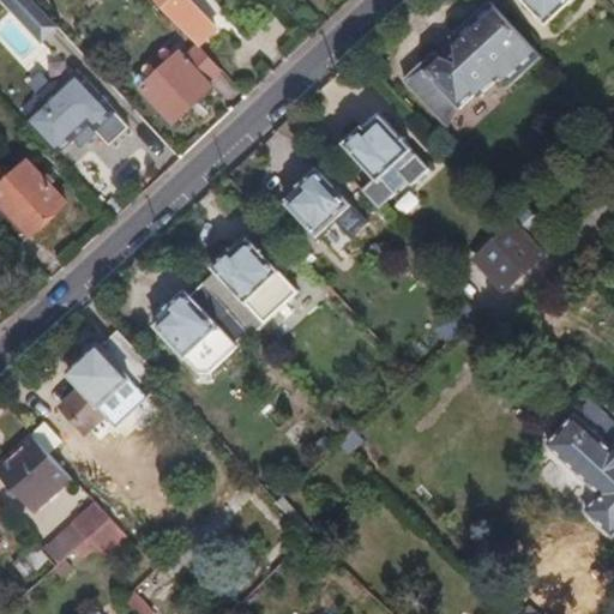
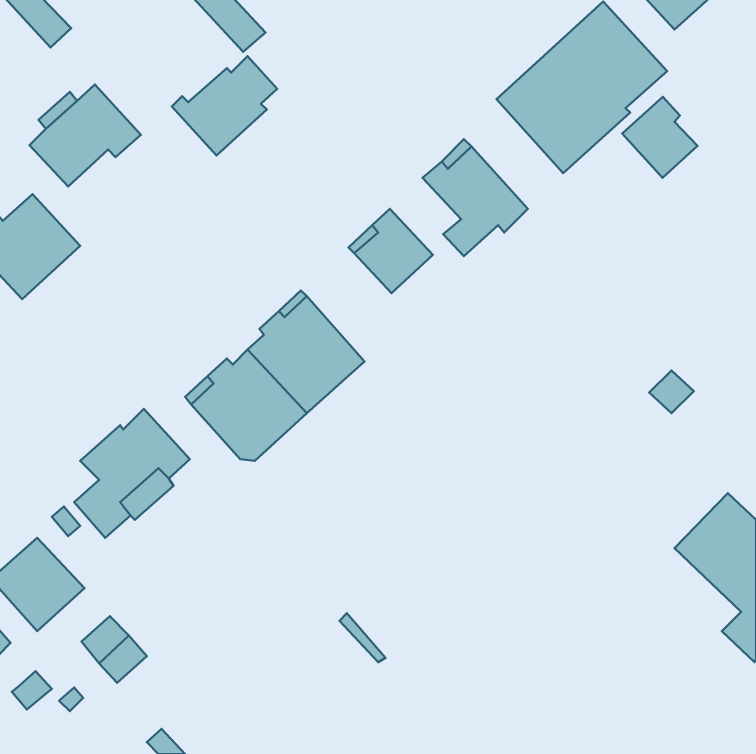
building: none -> [622,97,697,178]
building: [478,228,541,289] -> none

